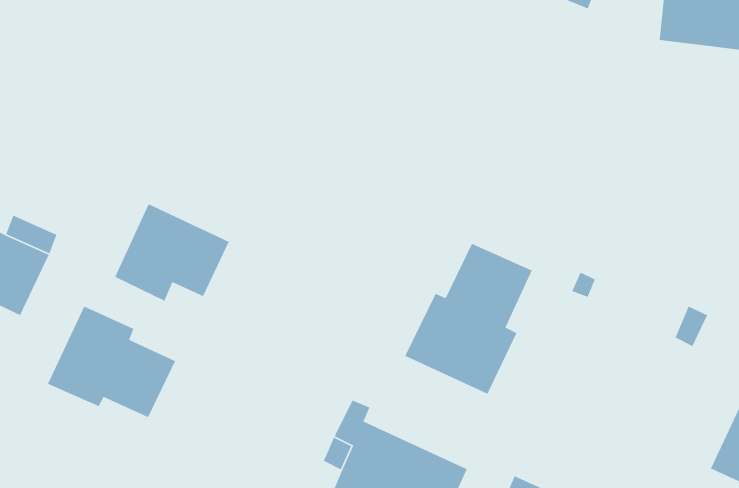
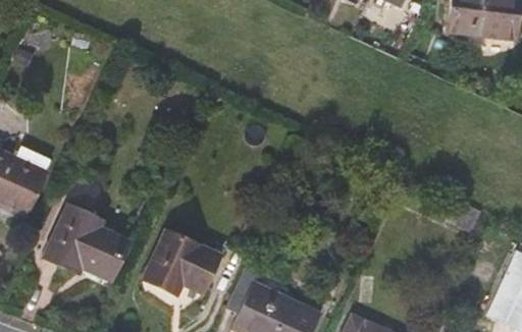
building: [114,203,230,302] -> [144,229,220,294]
building: [404,243,533,395] -> none

